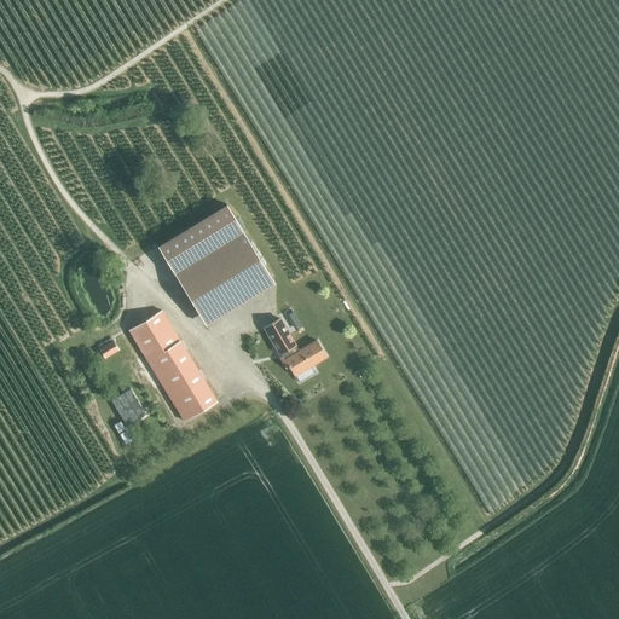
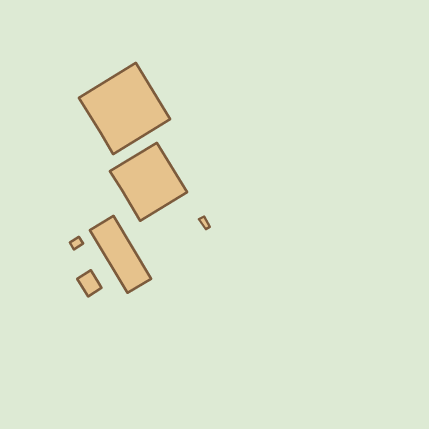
building: none -> [79,63,170,154]
building: [265,318,326,382] -> none

